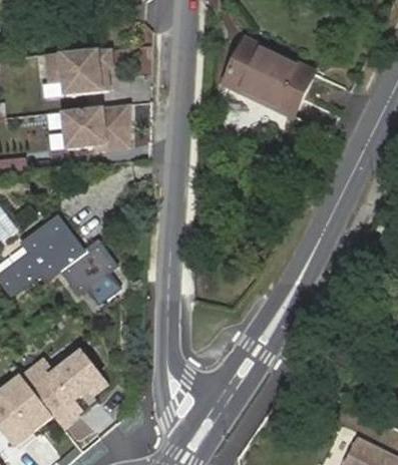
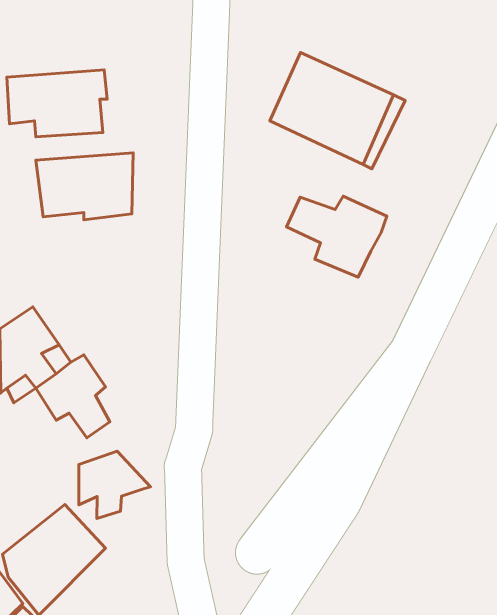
building: none -> [287,196,387,277]
building: none -> [79,451,150,519]

